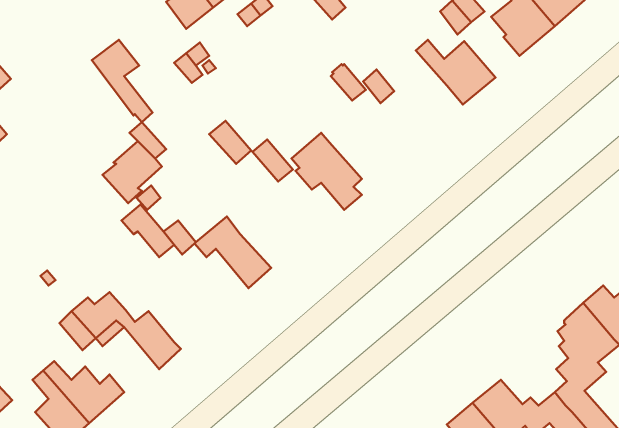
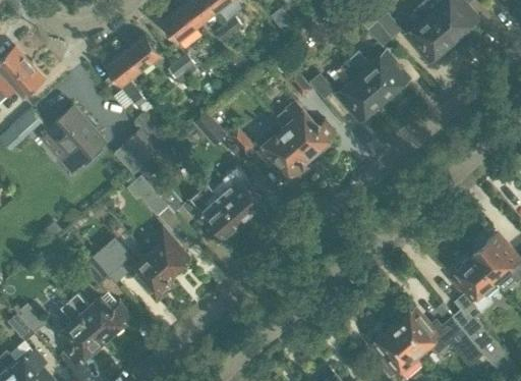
building: none -> [126,36,161,70]
building: none -> [338,59,386,116]
building: none -> [285,102,336,156]
building: none -> [48,106,106,172]
building: none -> [208,166,263,223]
building: none -> [149,227,190,279]

